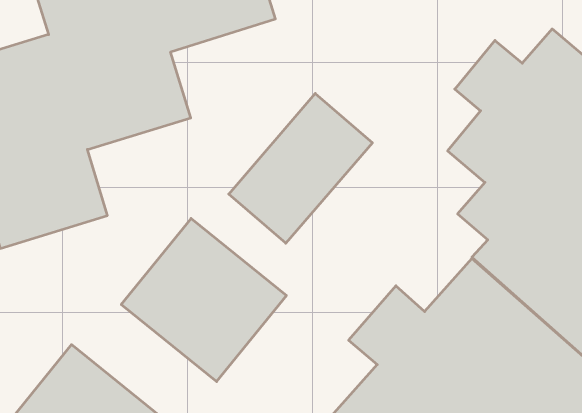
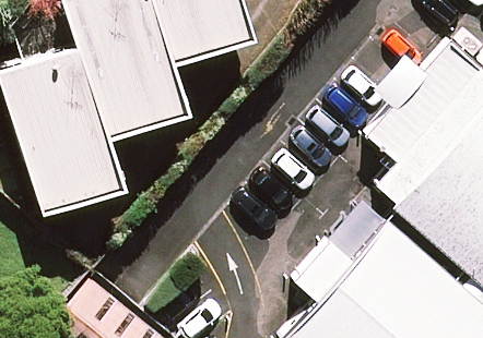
building: [229,93,372,243] -> none
building: [121,218,286,382] -> none

